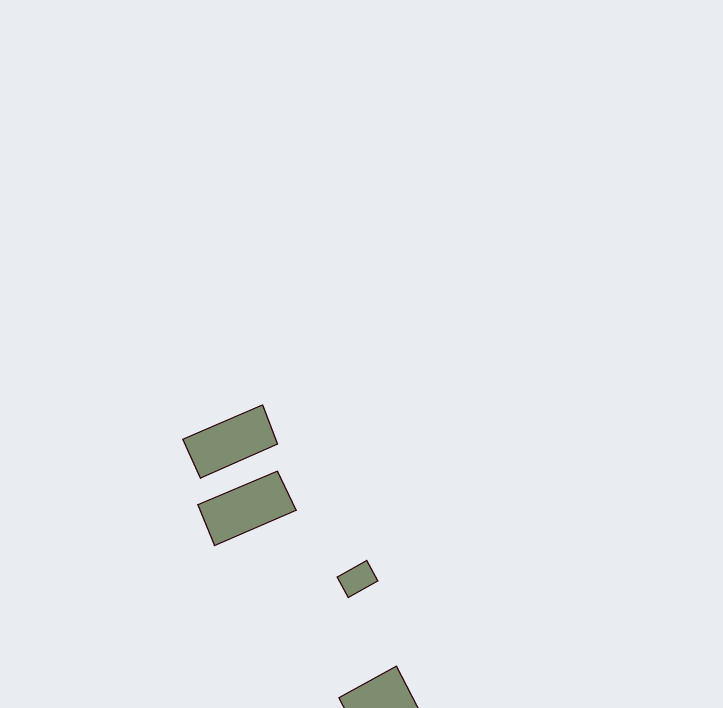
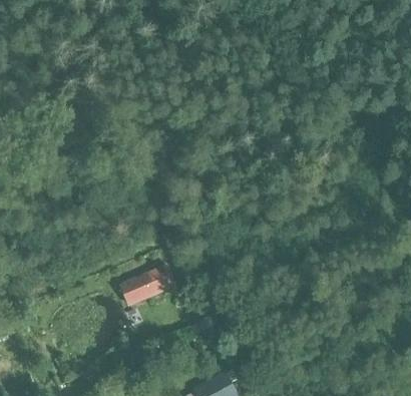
building: [183,405,278,478] -> none

